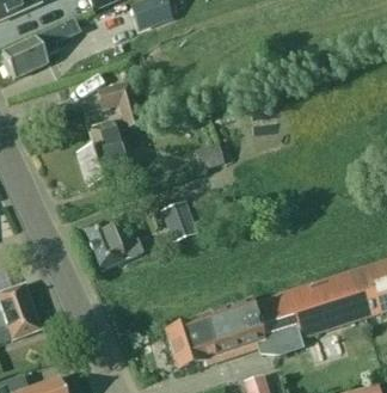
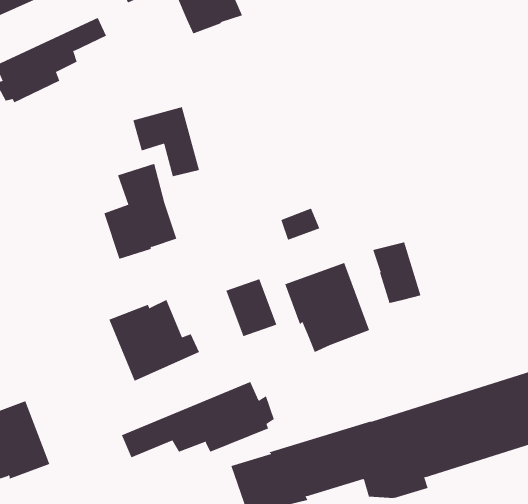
building: none -> [372,242,421,304]
building: none -> [285,262,370,353]
building: none -> [121,381,275,458]

